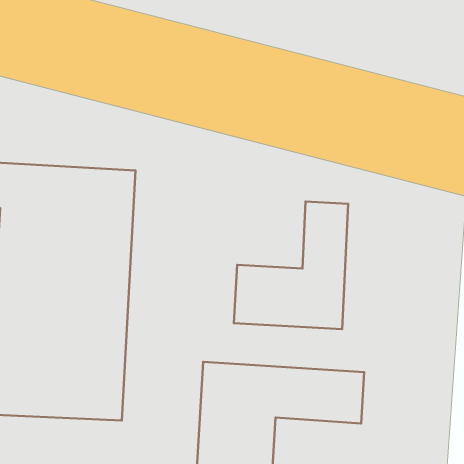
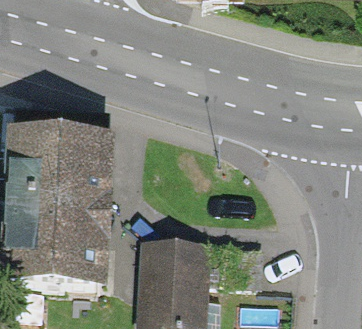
building: [234,202,348,329] -> none

